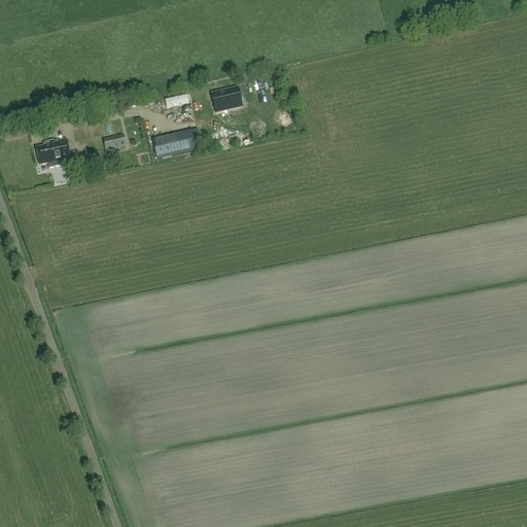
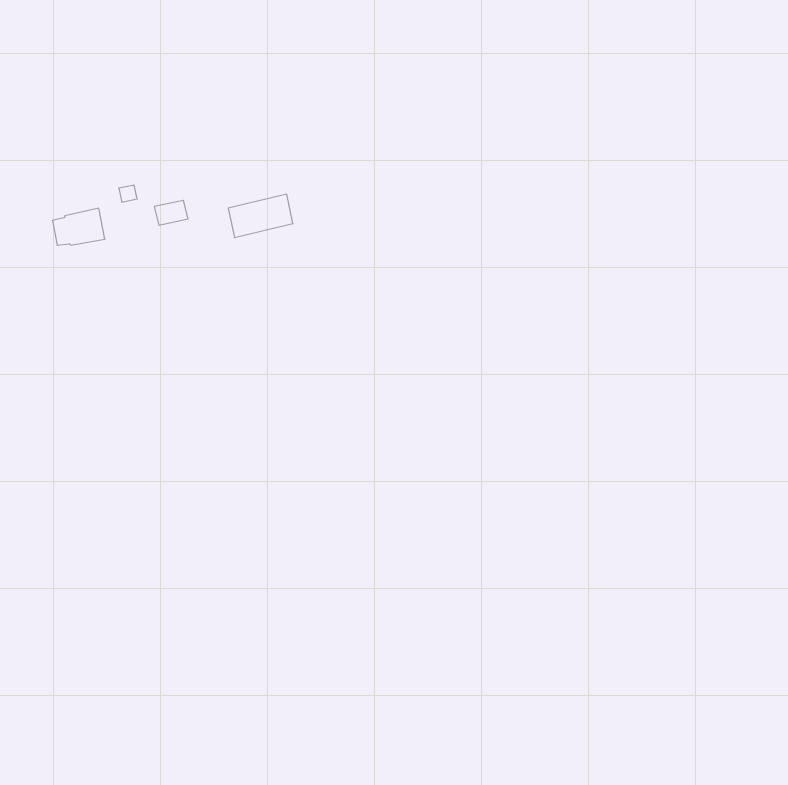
building: [211,86,242,112] -> none

